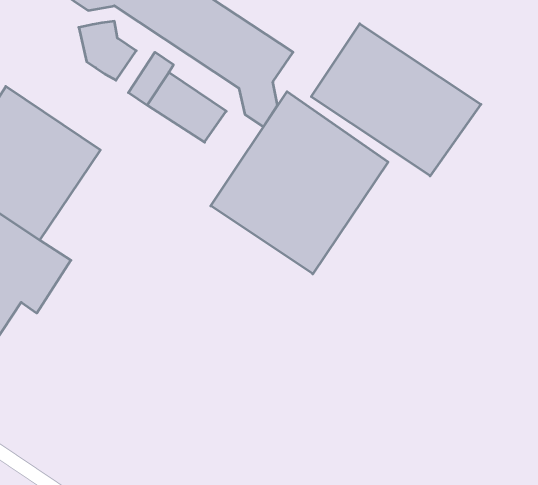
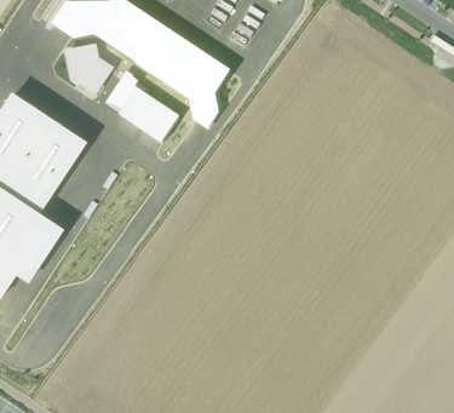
building: [311,24,481,176] -> none
building: [211,92,388,274] -> none

